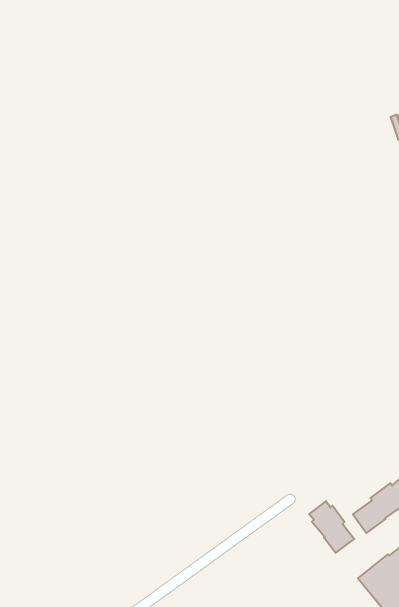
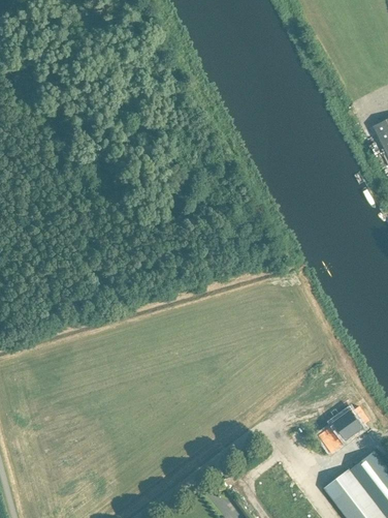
building: [309,501,354,553] -> none

